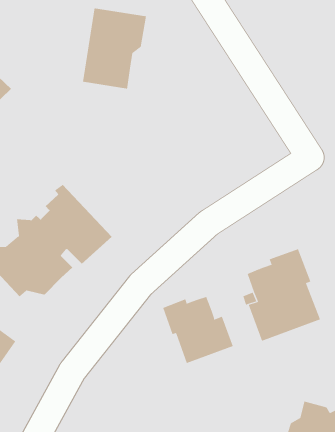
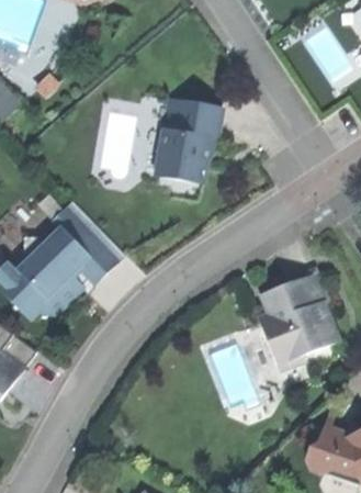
building: [82,8,147,89] -> [156,99,223,183]
building: [162,296,233,364] -> none

